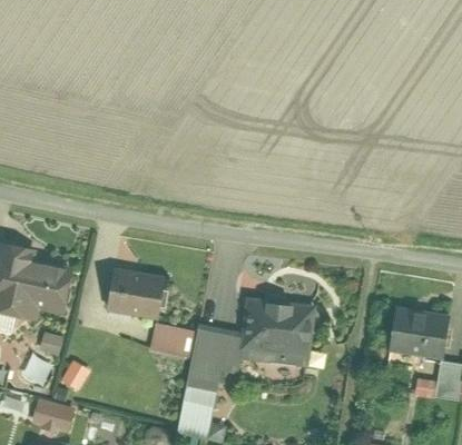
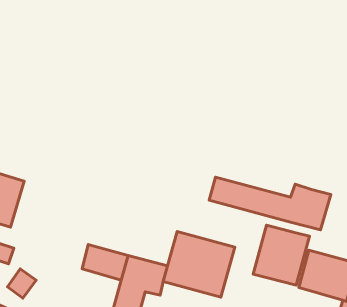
building: none -> [209,177,331,230]
building: [106,270,165,324] -> none
building: none -> [253,225,309,285]

